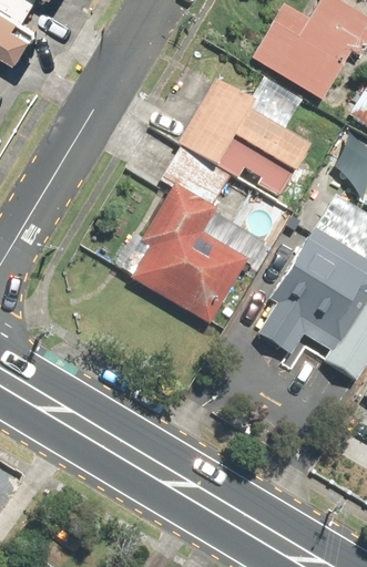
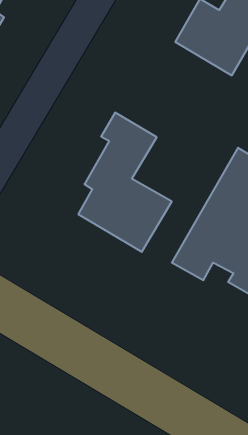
building: [170,59,314,203] -> none

